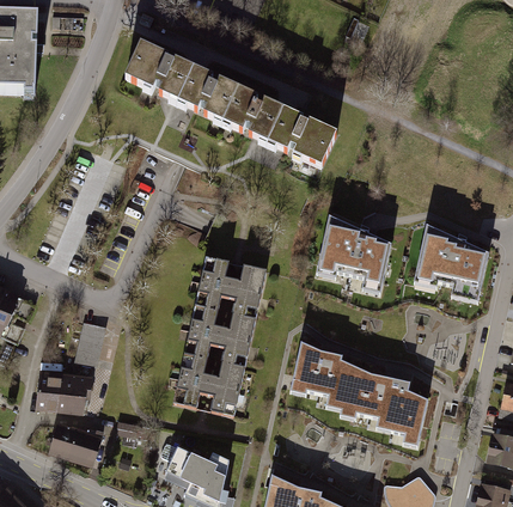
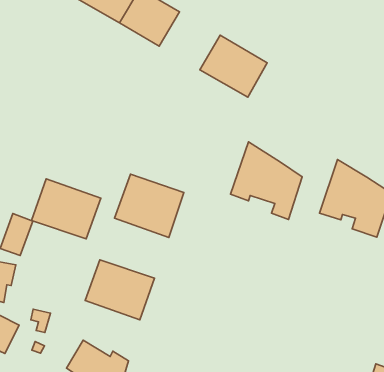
building: [221,81,286,141] -> none
building: [183,311,255,371] -> [32,179,101,239]
building: [292,340,429,445] -> none

